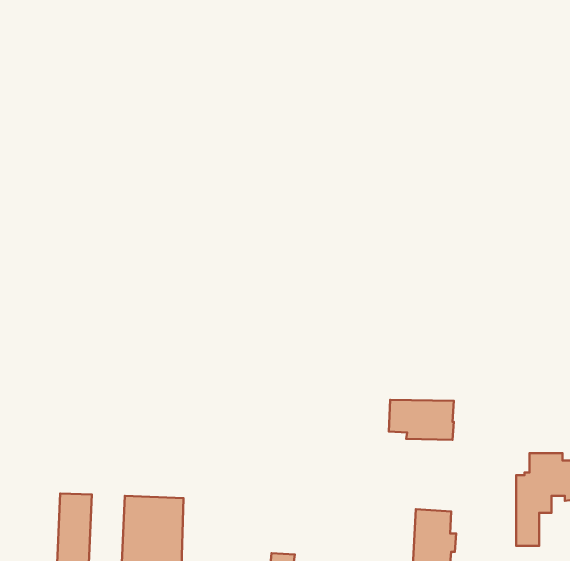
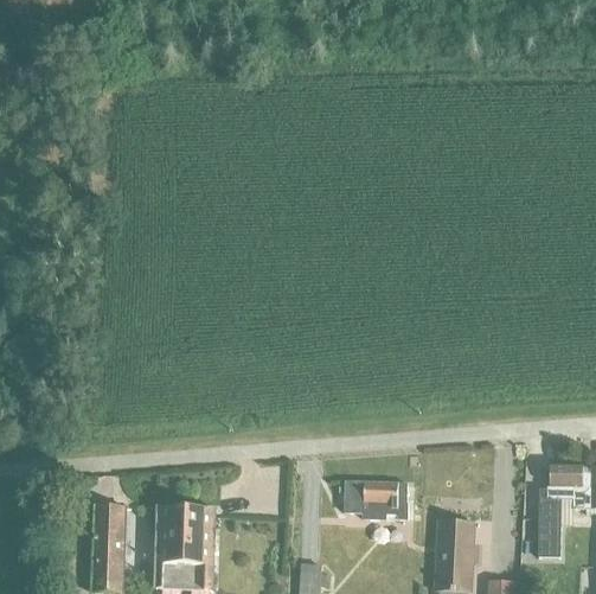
building: [389,400,454,440] -> [344,480,406,519]

